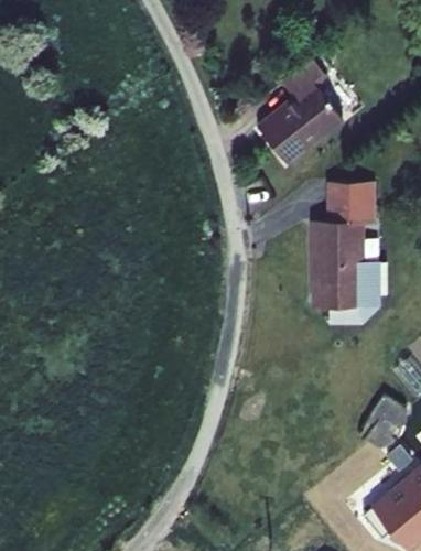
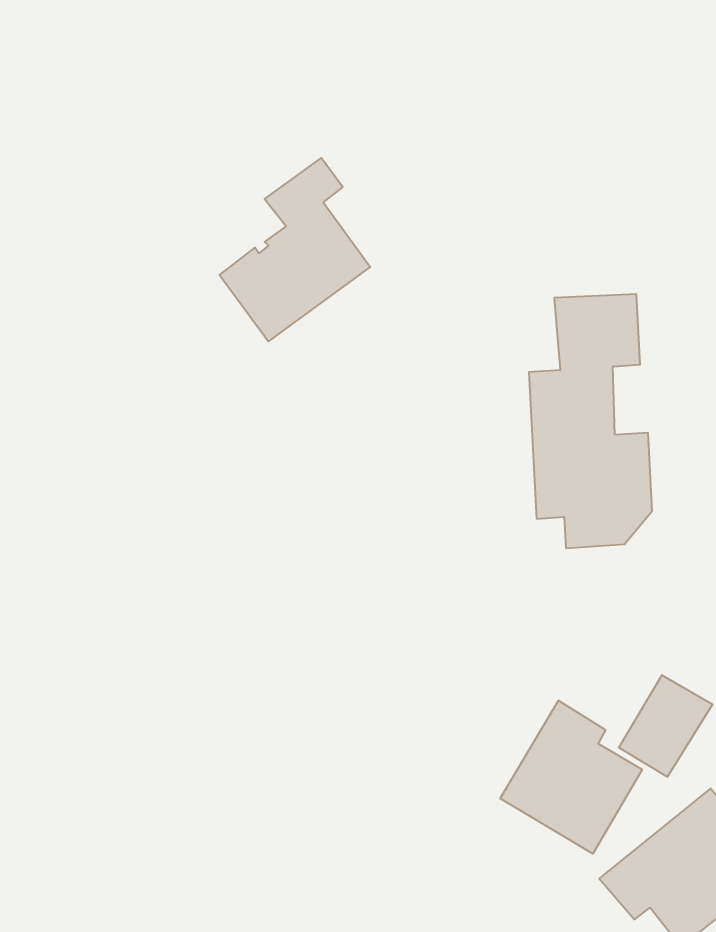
building: [252,61,337,164] -> [220,158,370,341]
building: none -> [500,700,642,854]

